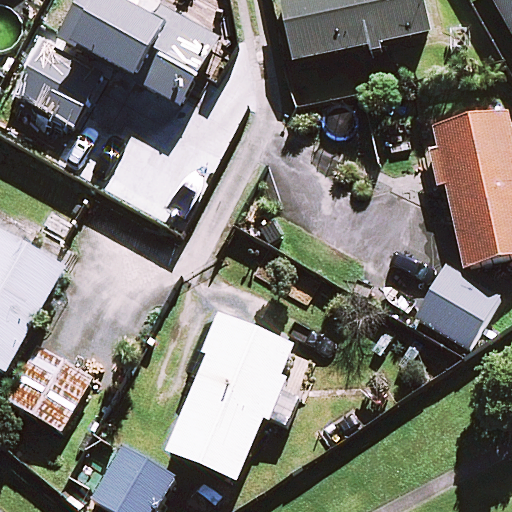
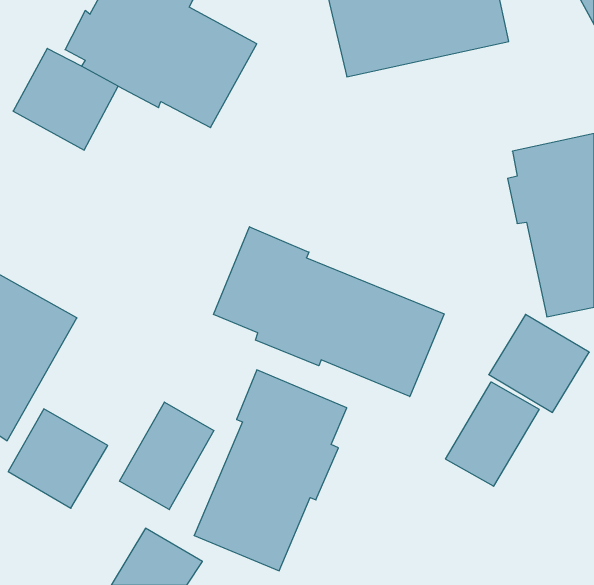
building: none -> [213,227,444,397]
building: none -> [446,382,539,486]
building: none -> [120,402,214,510]

